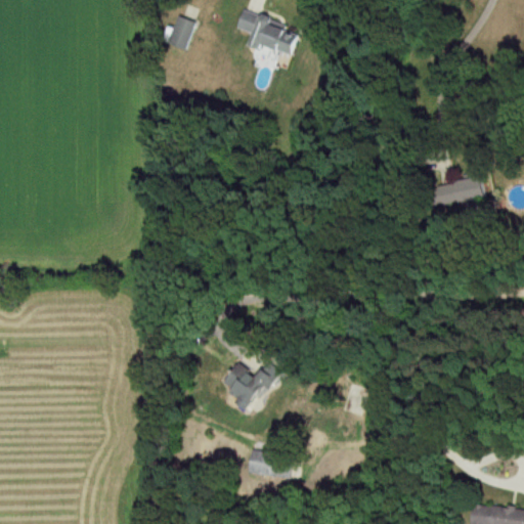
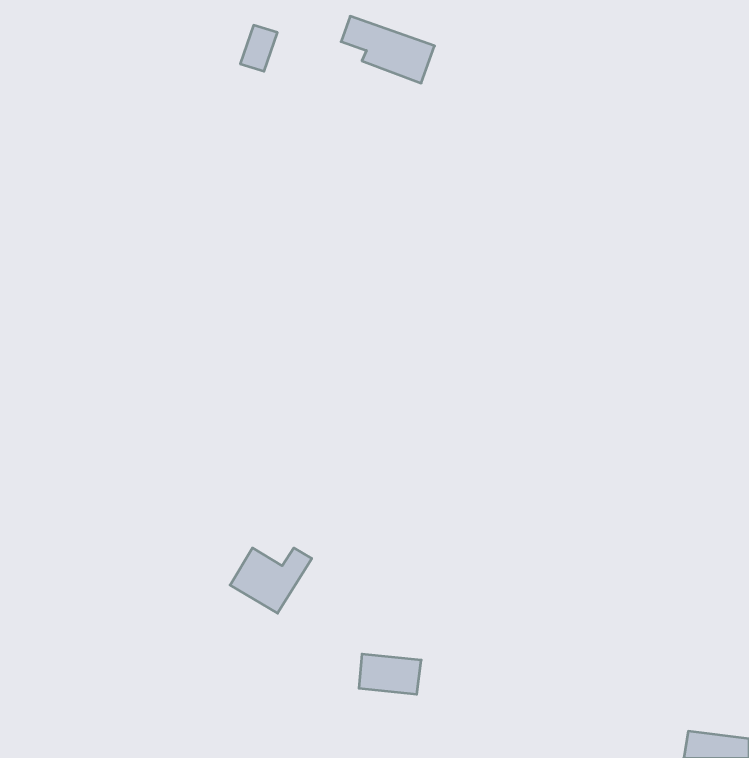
building: [433,178,485,206] -> none
building: [220,364,276,409] -> [230,548,312,613]

